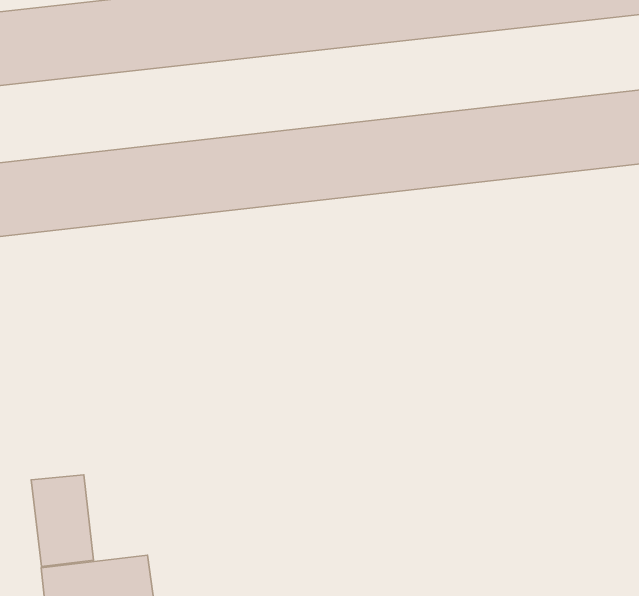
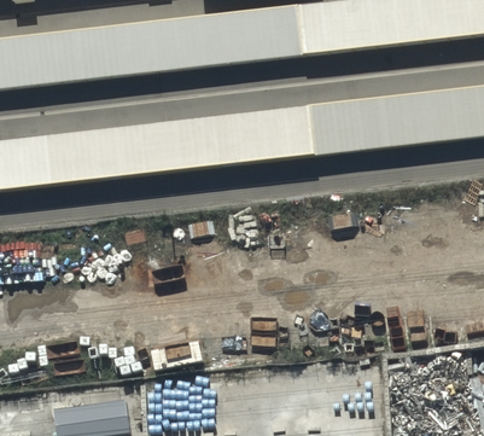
building: [31,475,93,567] -> none

